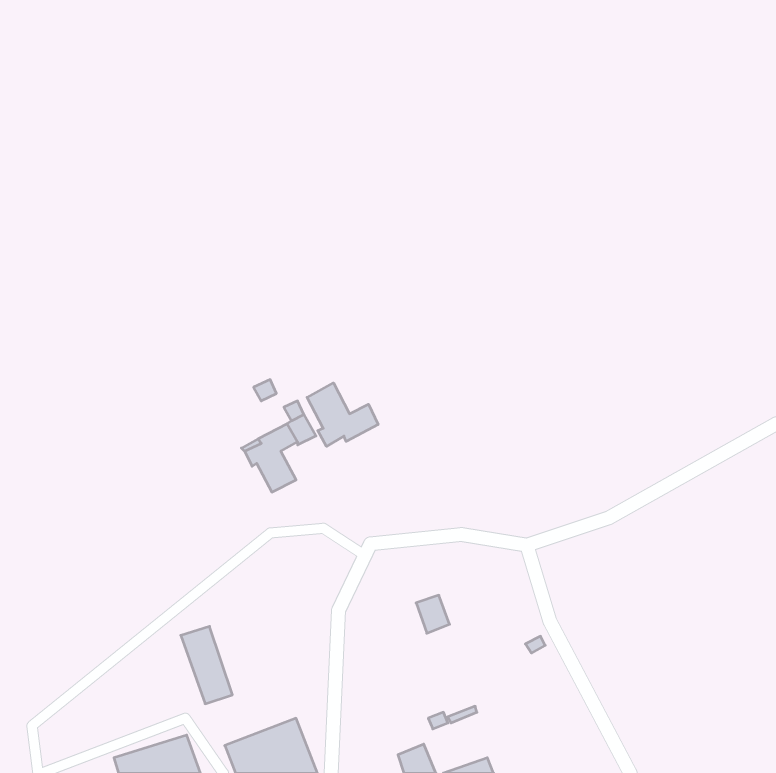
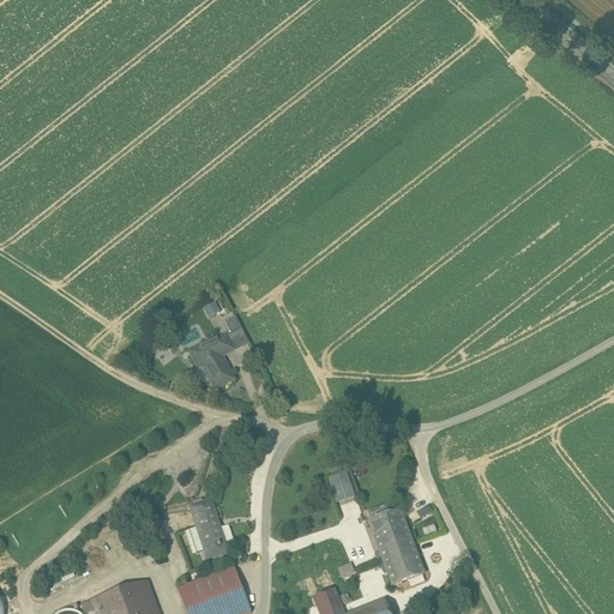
building: [307,383,378,446] -> none
building: [181,626,232,704] -> [188,499,229,560]
building: none -> [369,510,423,585]

